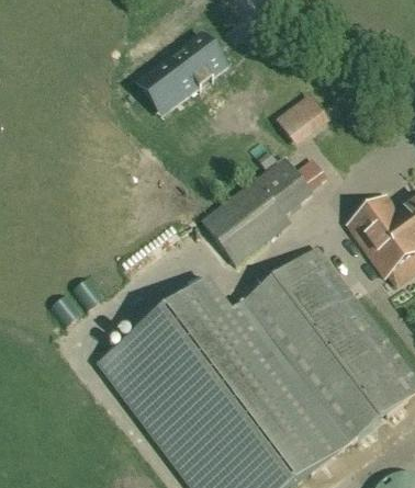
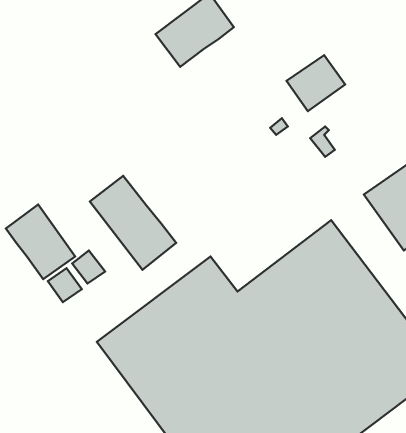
building: [201,158,311,264] -> none
building: none -> [90,176,176,270]
building: none -> [6,204,75,279]

